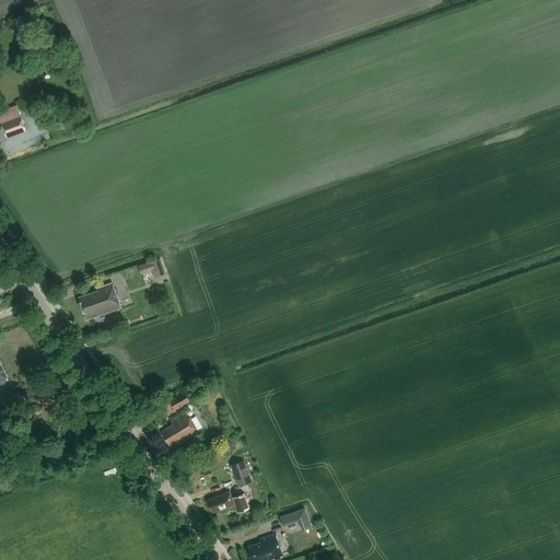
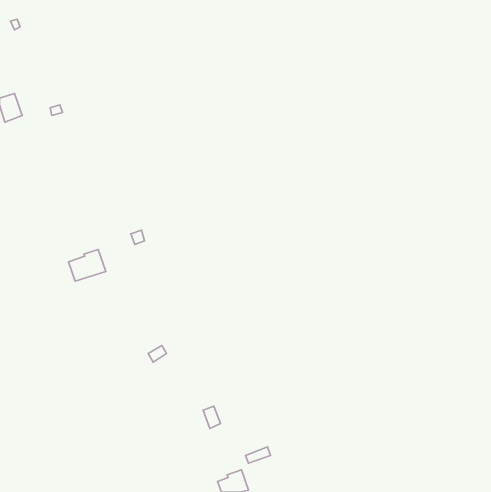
building: [161,412,198,445] -> none
building: [207,492,248,512] -> none

